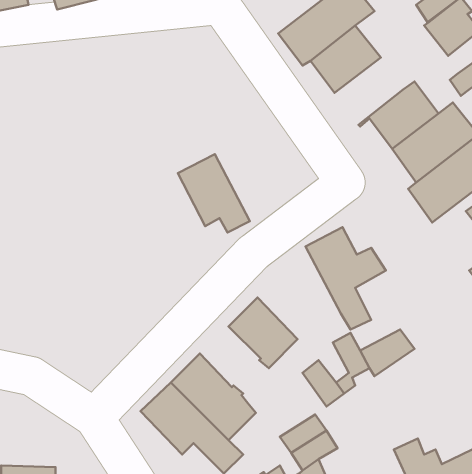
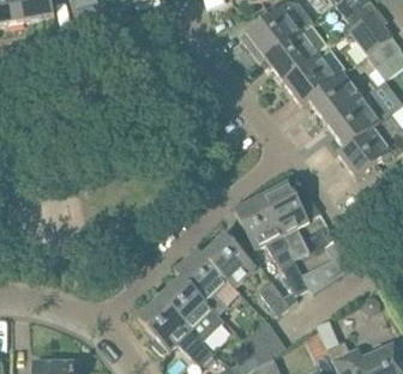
building: none -> [282,54,333,104]
building: [178,154,250,232] -> [233,195,287,254]
building: none -> [174,249,228,313]

